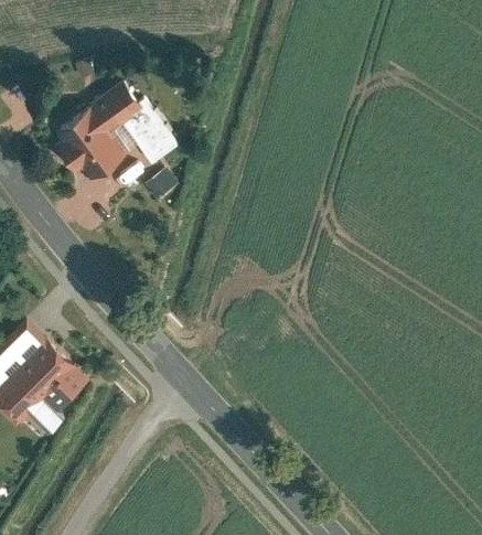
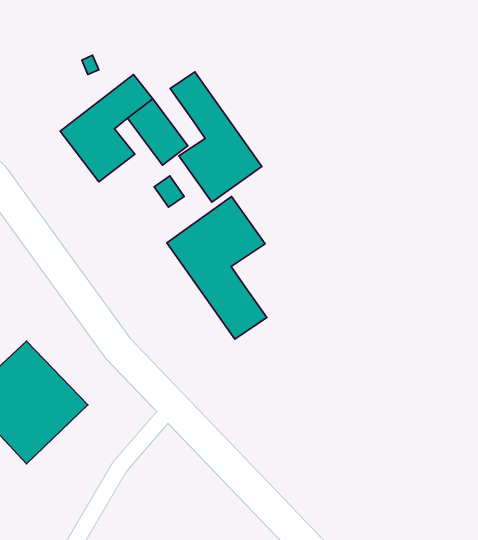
building: none -> [170,72,262,202]
building: none -> [167,196,267,339]

